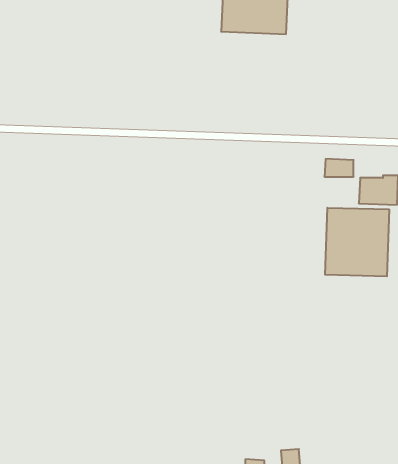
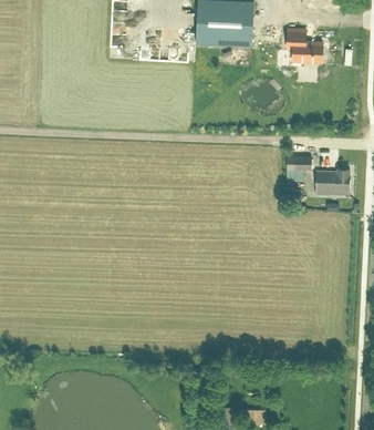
building: none -> [287,29,322,62]
building: [325,208,389,276] -> none

